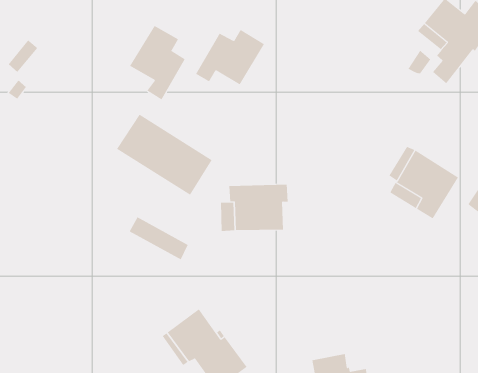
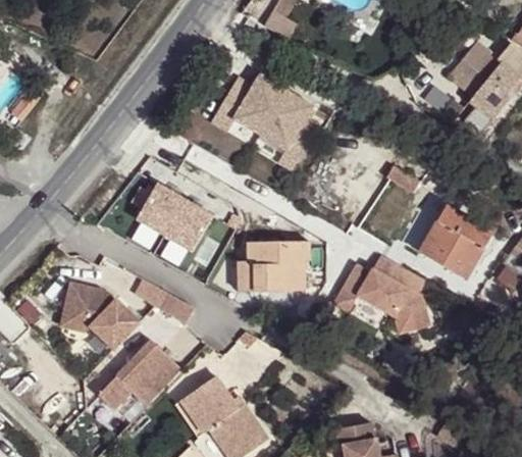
building: [129,25,185,100] -> [258,92,318,172]
building: none -> [344,253,437,336]
building: none -> [58,285,179,410]

